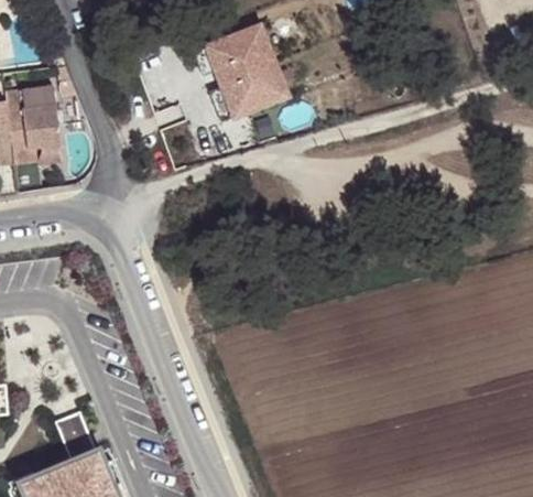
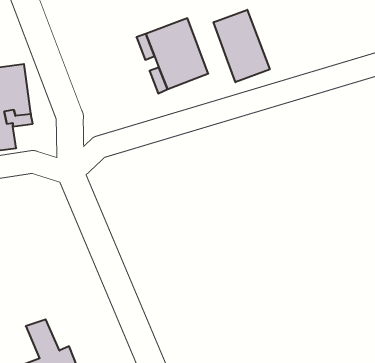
building: none -> [214,10,270,82]

